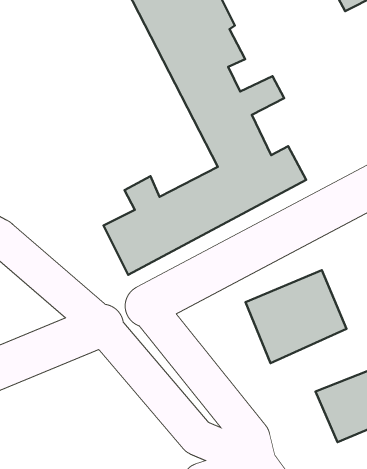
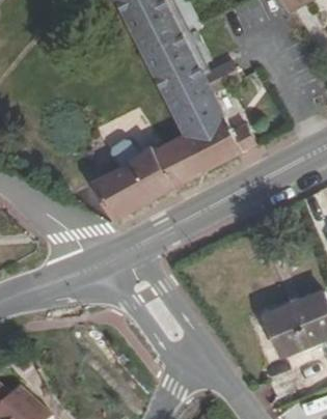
building: [246,270,346,363] -> none

